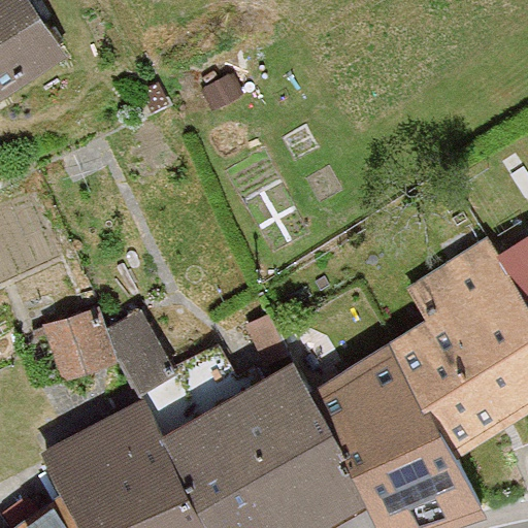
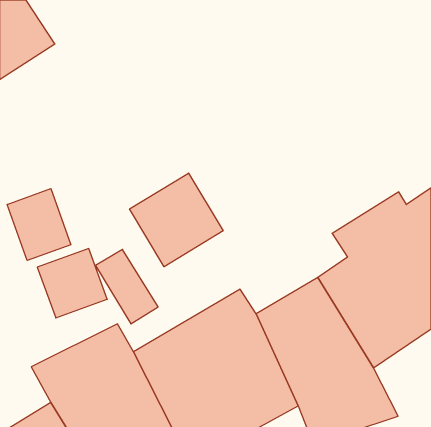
building: none -> [130,173,223,267]
building: none -> [7,189,71,260]

